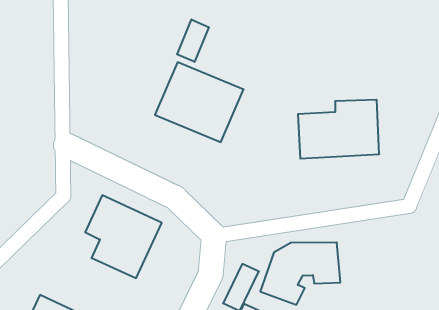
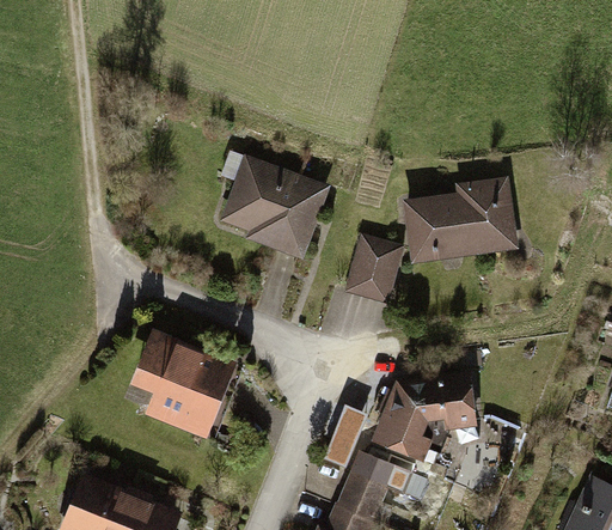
building: [177,19,209,62] -> none
building: none -> [345,238,403,304]

